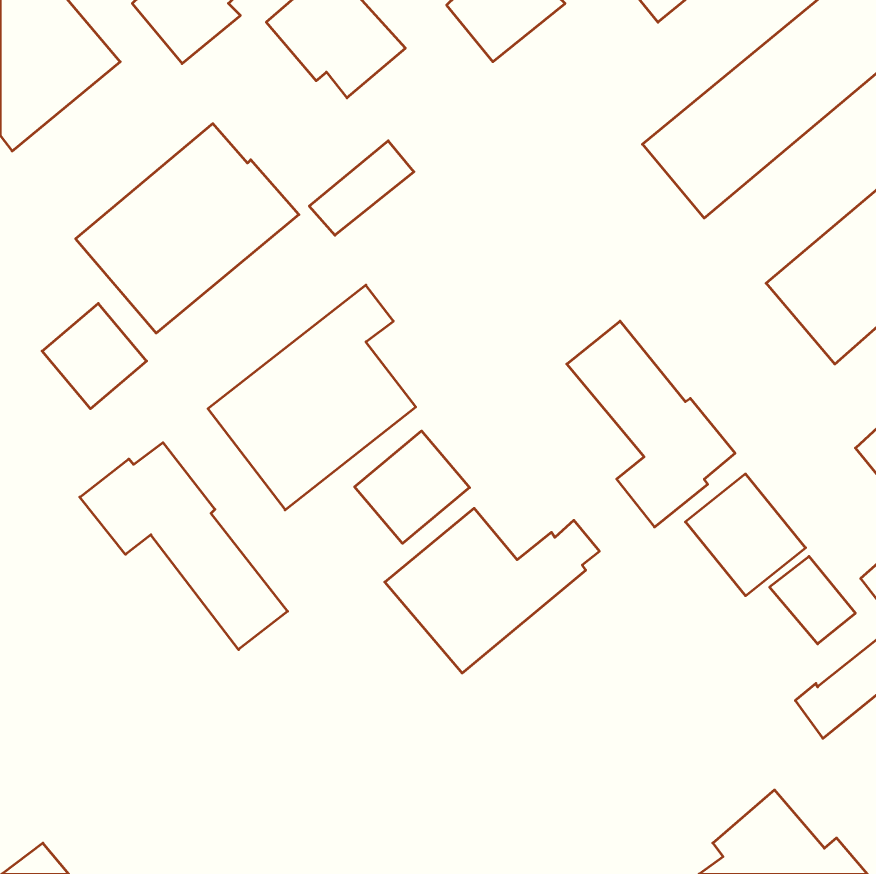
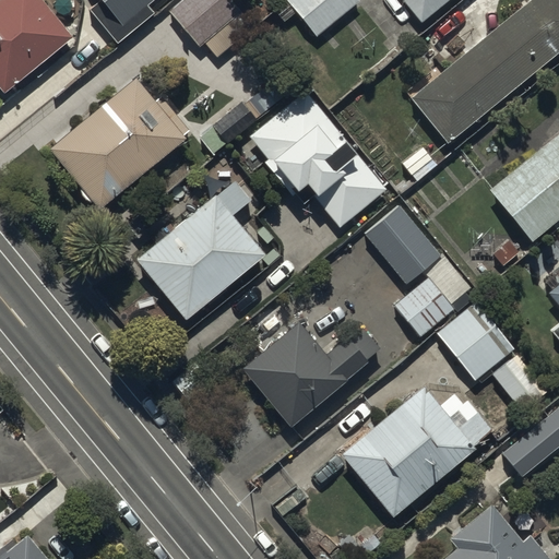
building: none -> [249,93,388,234]
building: [42,303,147,409] -> none
building: [355,431,470,543] -> none
building: [80,443,288,650] -> none
building: none -> [341,388,491,518]

